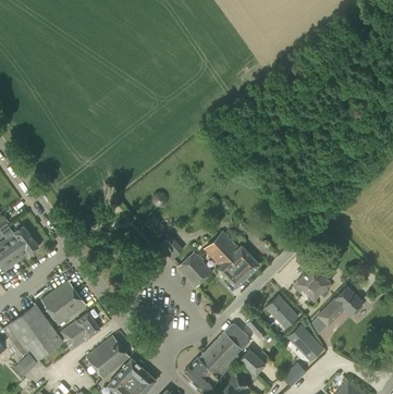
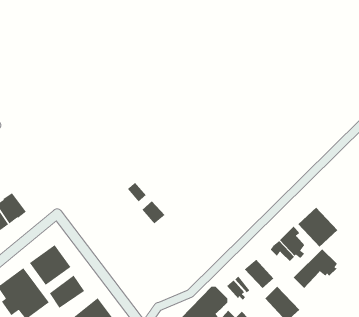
building: [204,232,259,287] -> none
building: none -> [297,207,338,248]
building: [177,253,211,287] -> none

